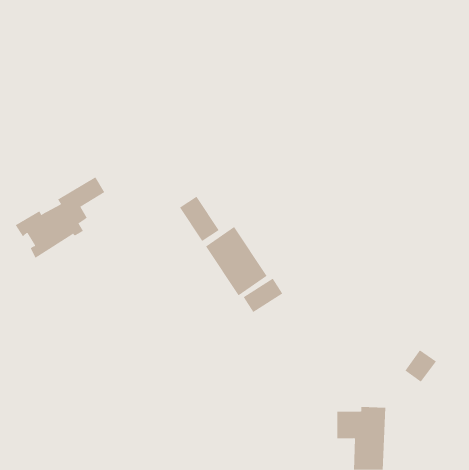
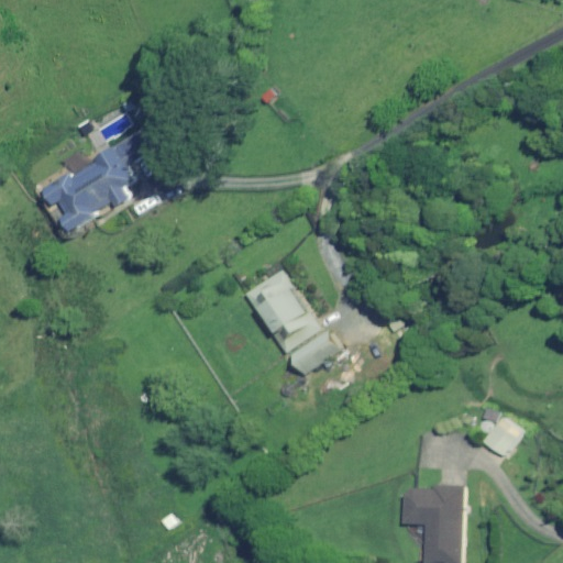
building: [15,177,105,258] -> [42,132,150,230]
building: [179,196,220,242] -> none

